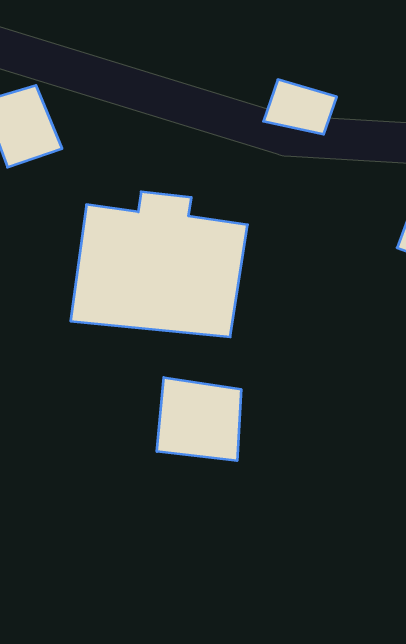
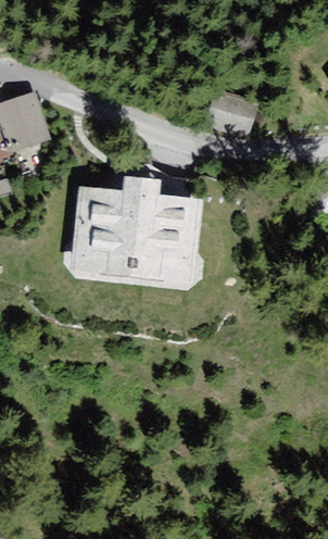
building: [157,377,241,461] -> none

